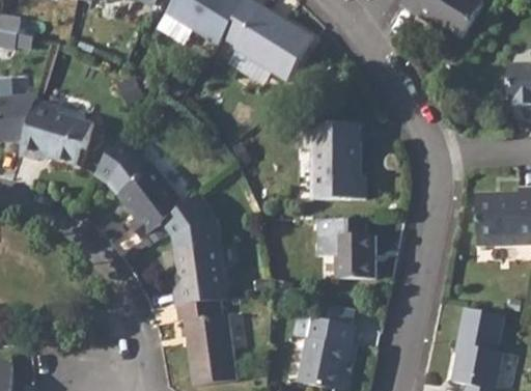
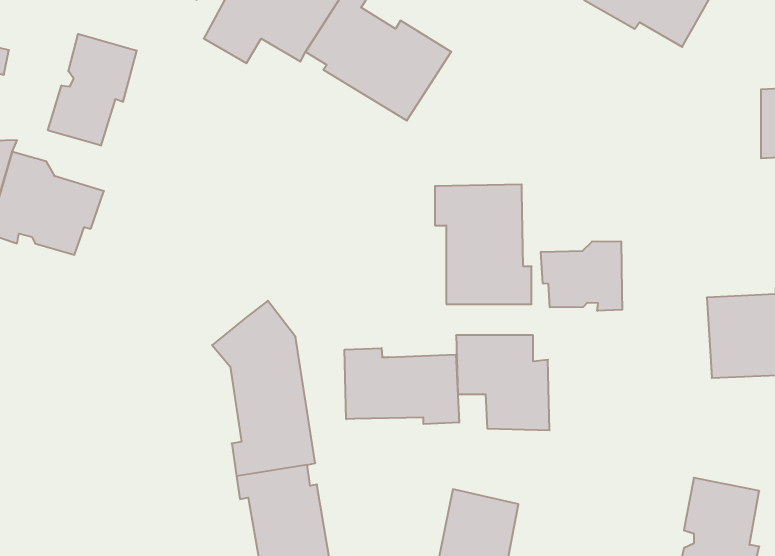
building: none -> [48,34,137,146]
building: [94,139,183,240] -> none
building: none -> [541,241,622,311]
building: none -> [345,348,459,424]

